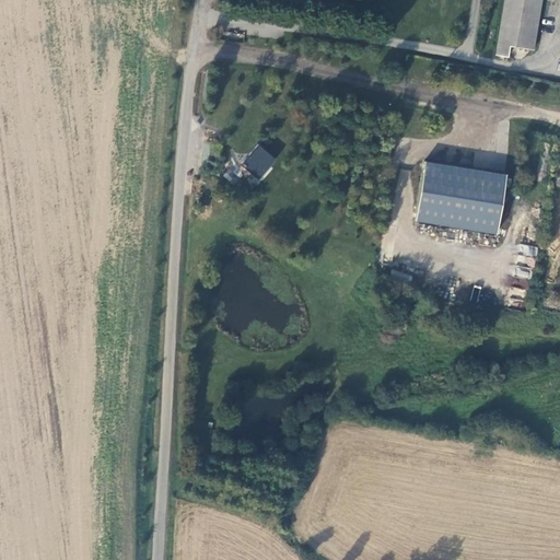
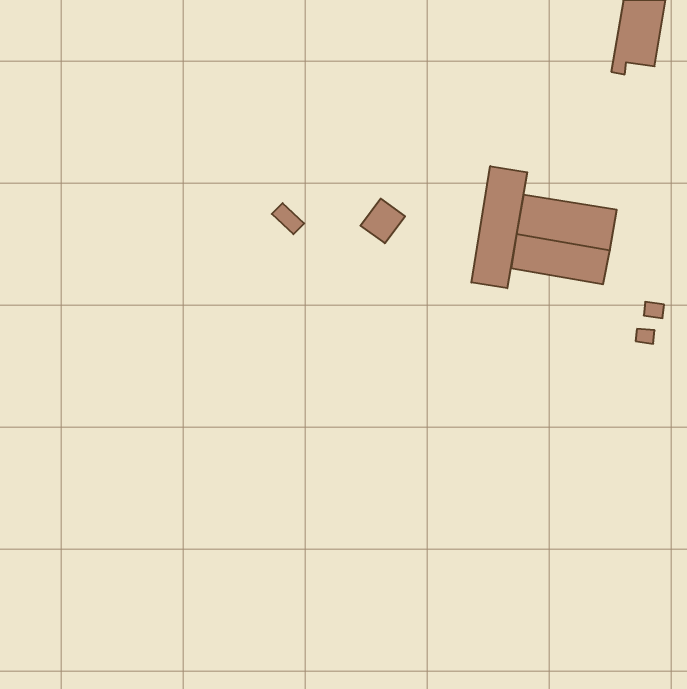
building: none -> [471,166,527,288]
building: [244,147,280,183] -> [360,199,405,243]

